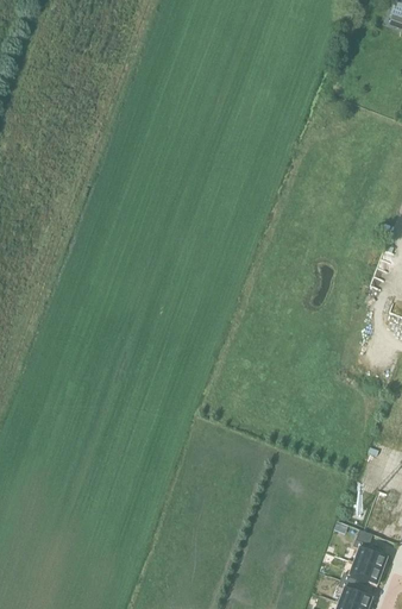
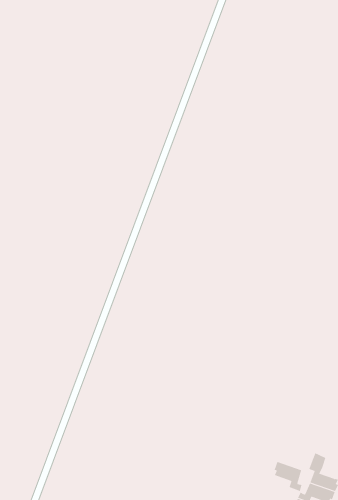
building: none -> [274,461,302,492]

